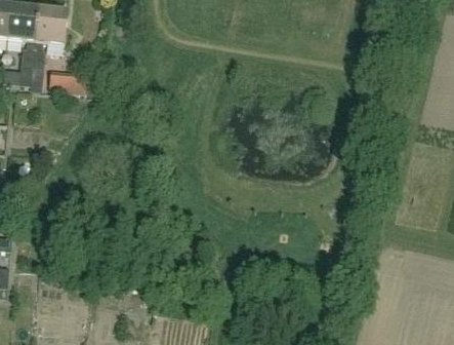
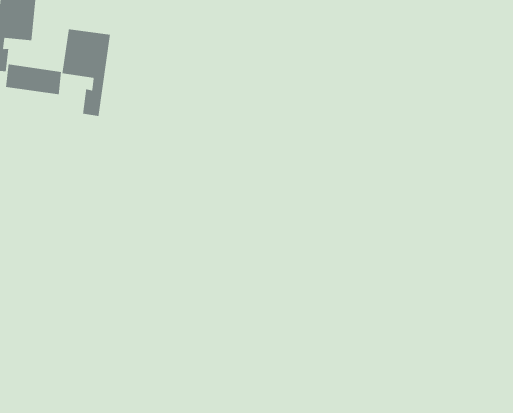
building: none -> [62,28,111,117]

